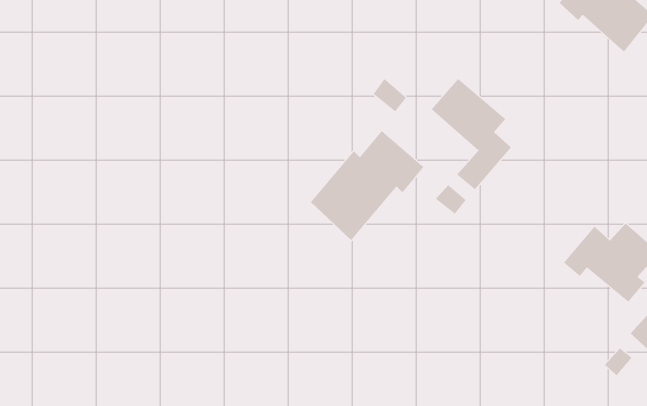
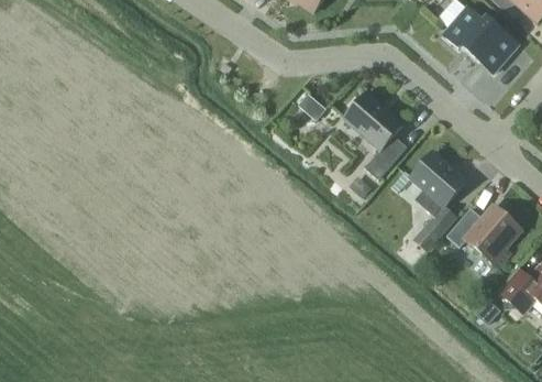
building: [310,130,424,241] -> none
building: none -> [409,151,465,252]

